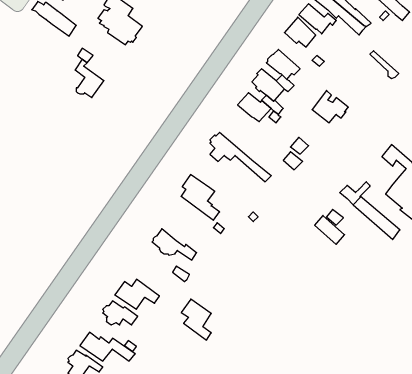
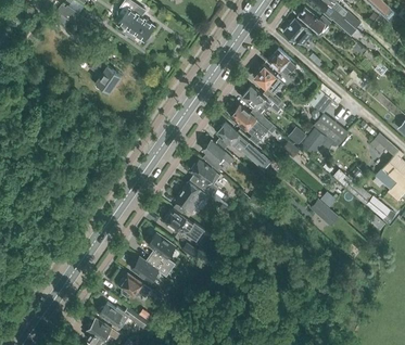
building: none -> [230,104,276,136]
building: none -> [301,114,349,154]
building: none -> [202,140,233,173]
building: none -> [174,182,200,215]
building: [181,299,211,340] -> [148,233,175,270]

